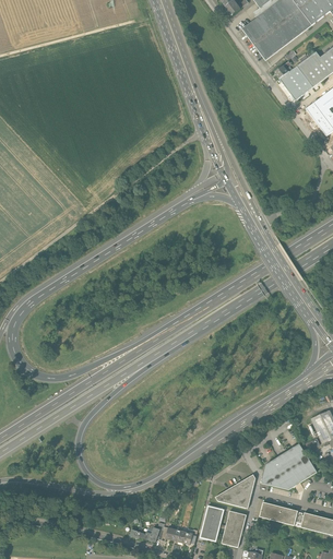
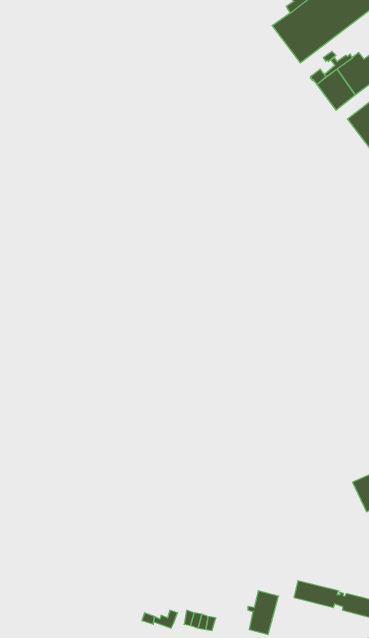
building: [262,443,318,489] -> none
building: [216,475,255,509] -> none
building: [200,506,225,542] -> none

